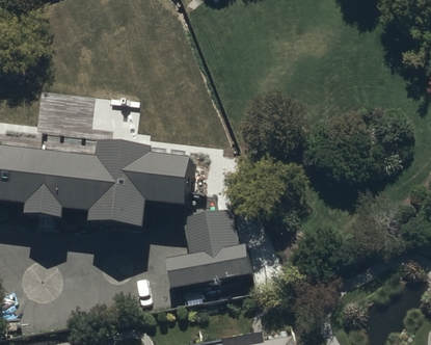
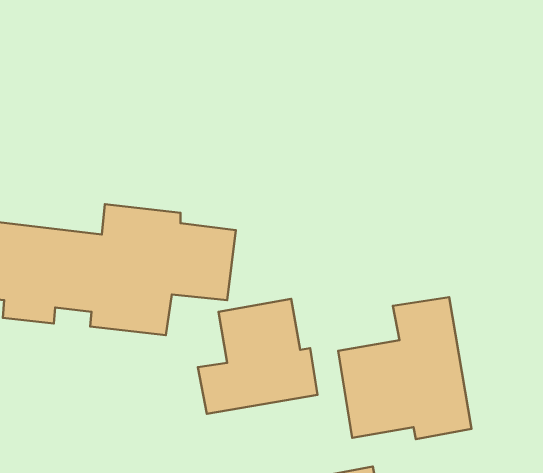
building: none -> [338,297,472,439]

